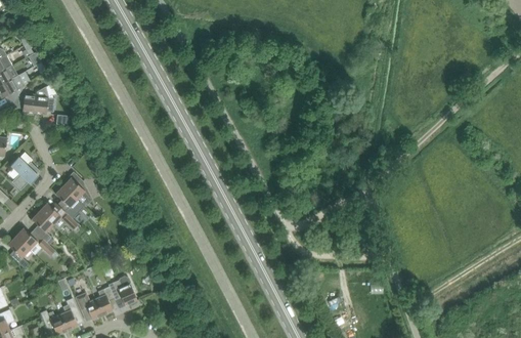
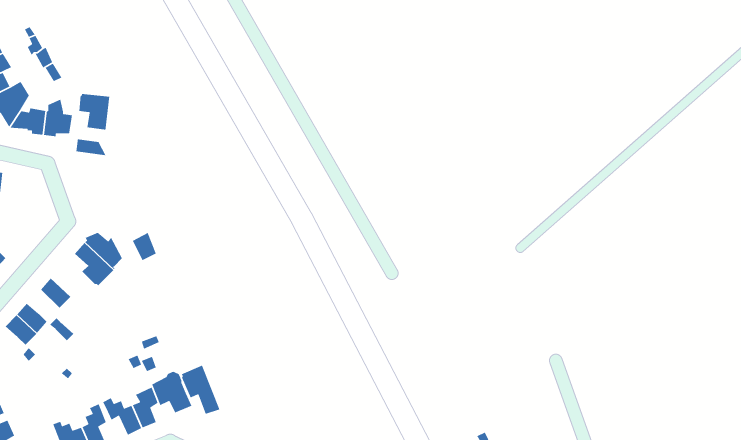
building: none -> [78,93,110,131]
building: [10,157,39,191] -> none
building: [39,203,78,229] -> none
building: none -> [181,365,220,415]

